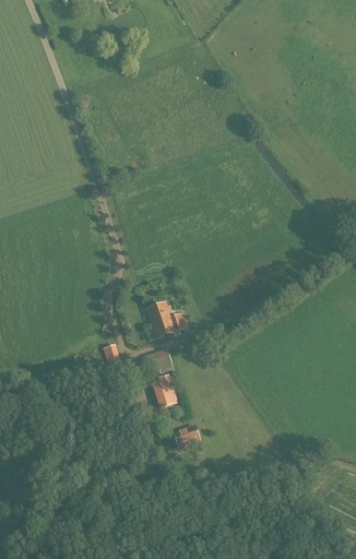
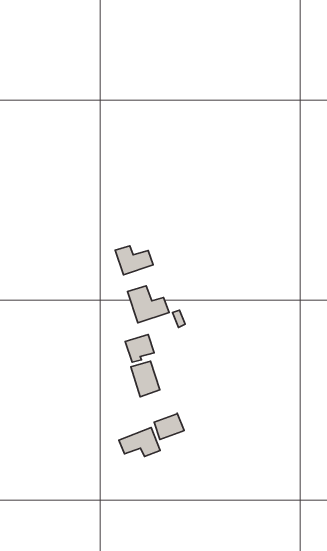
building: none -> [115,246,153,275]
building: none -> [119,427,160,456]

